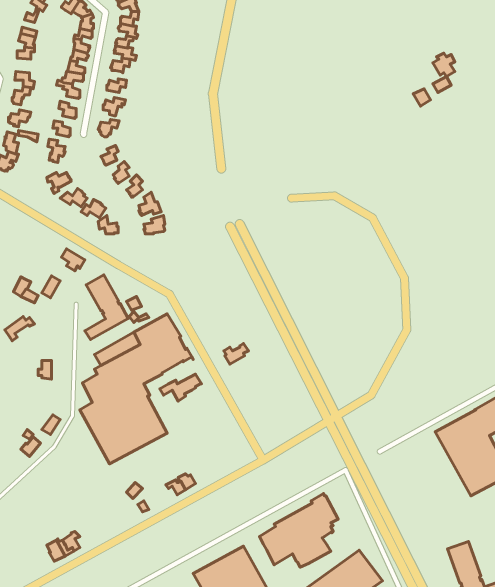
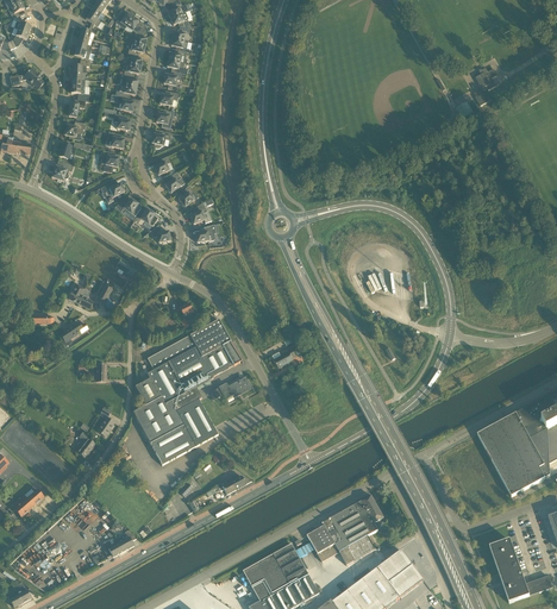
building: [85,275,128,339] -> none

